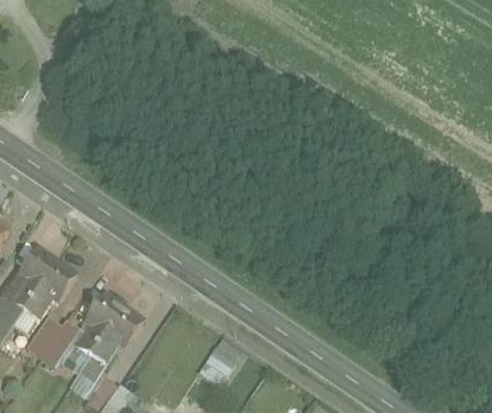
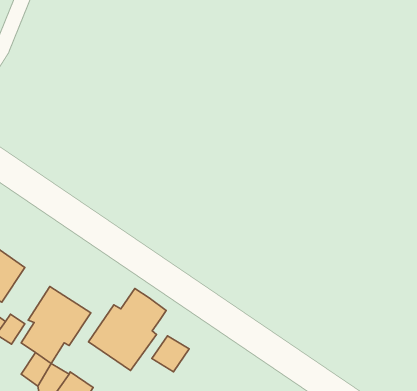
building: none -> [89,289,166,370]

